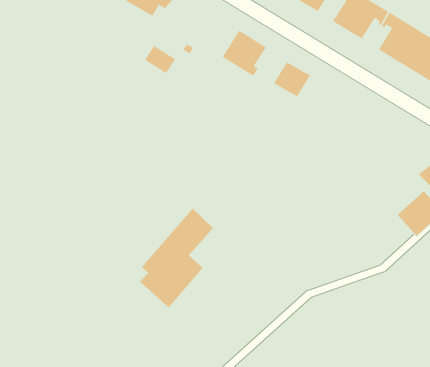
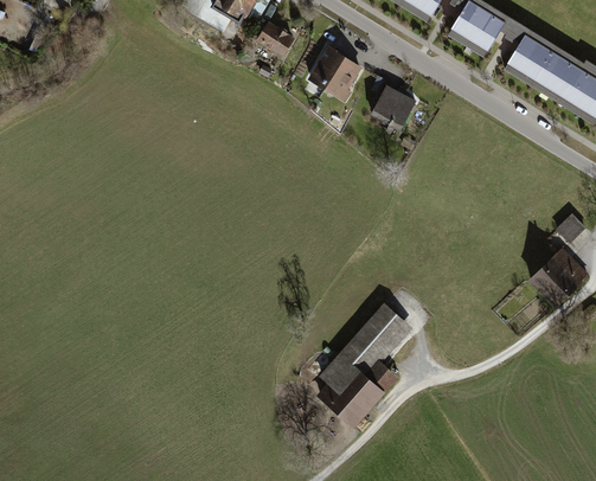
building: [144,45,176,74] -> [257,21,297,58]
building: [139,207,214,308] -> [318,300,412,428]

